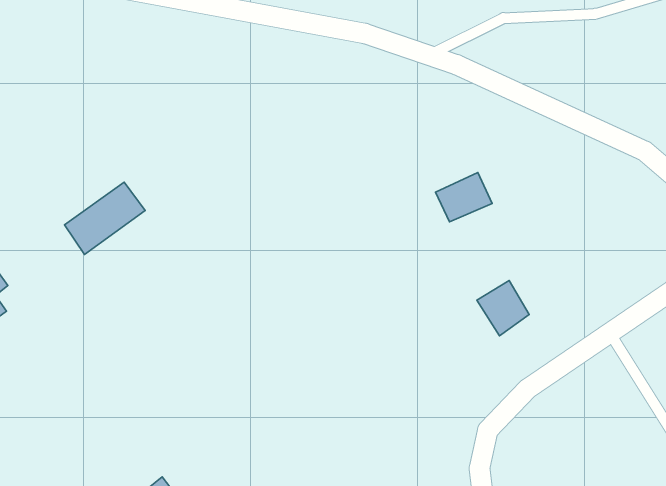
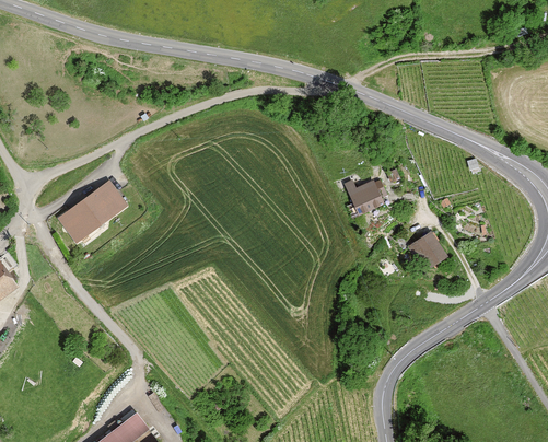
building: [477,280,529,336] -> [407,230,447,272]

